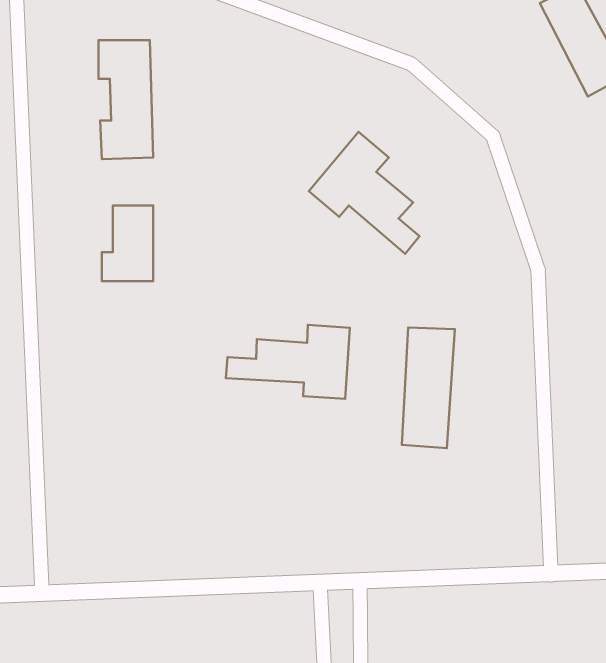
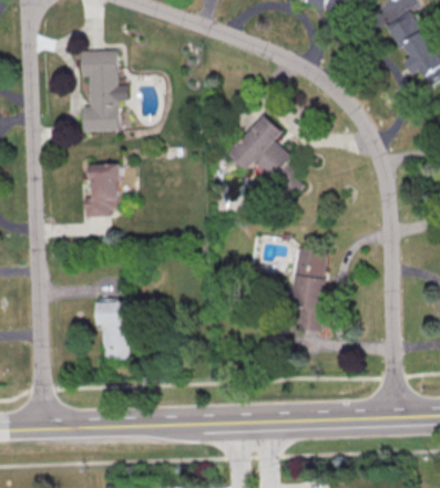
building: [226,325,350,399] -> none
building: none -> [98,301,127,360]

